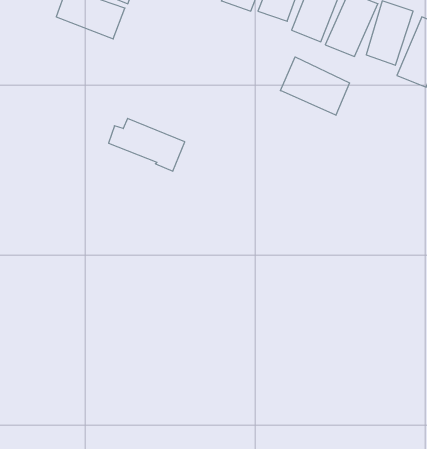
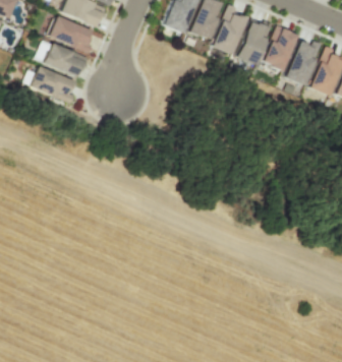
building: none -> [44,42,89,77]
building: [280,57,350,115] -> none
building: [109,118,185,171] -> [25,66,78,103]

